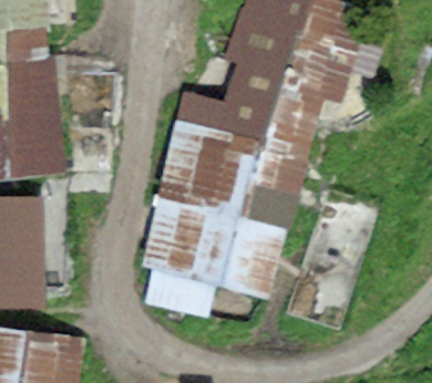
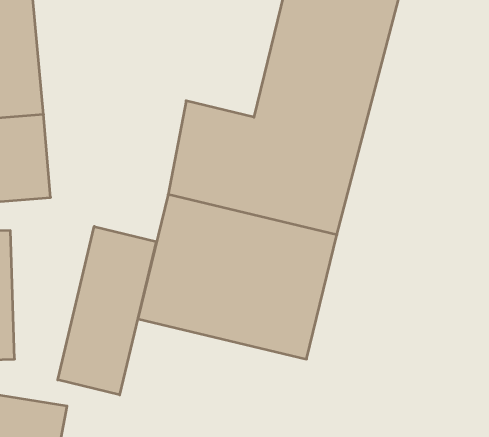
building: none -> [58,226,156,395]

